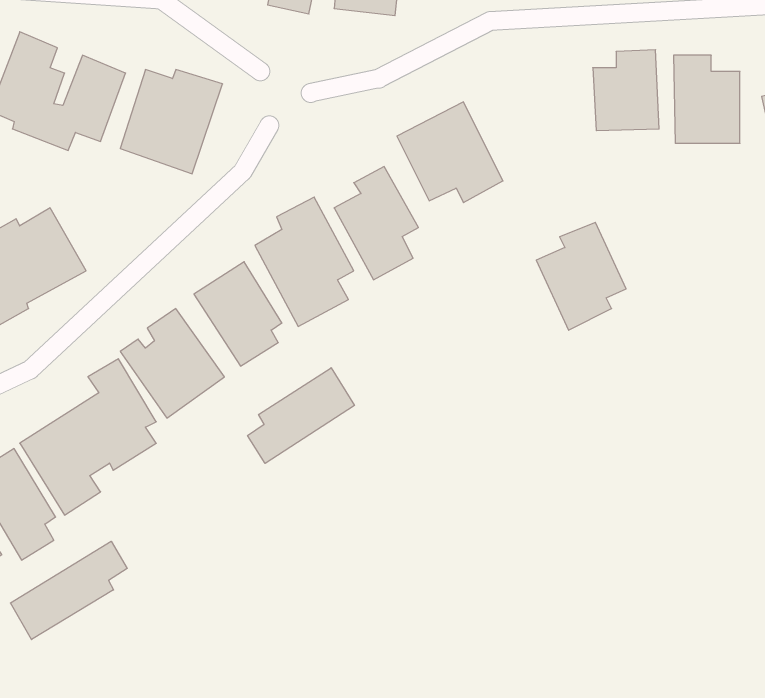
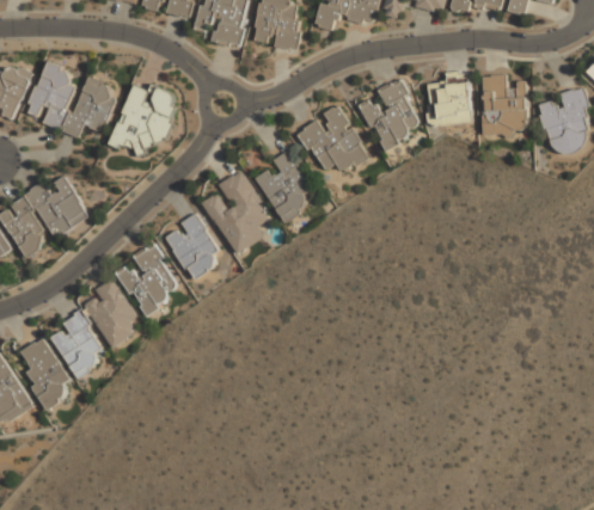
building: [536,222,626,330] -> [361,80,421,152]
building: [248,368,354,463] -> none
building: [10,541,127,640] -> none

